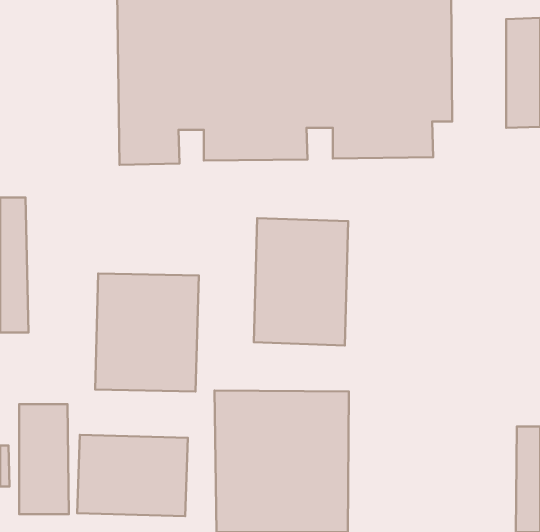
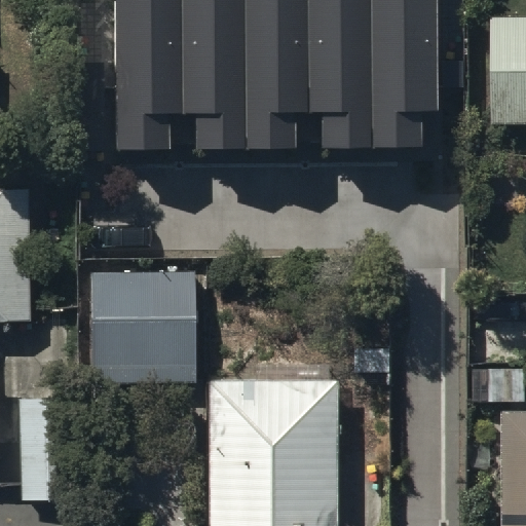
building: [254,218,348,345] -> none
building: [77,435,188,516] -> none

